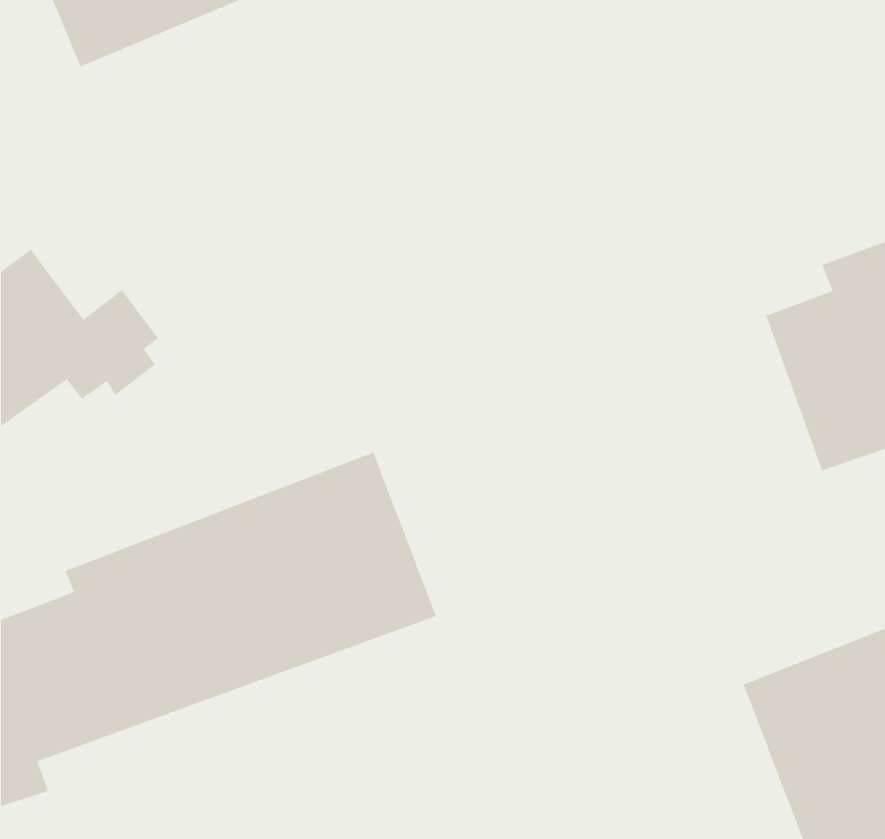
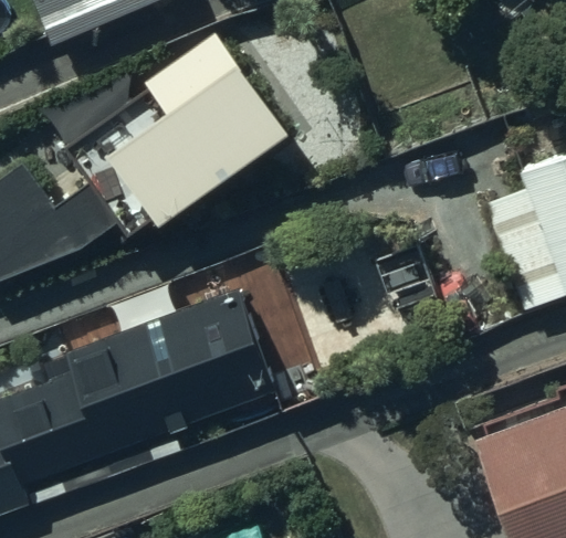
building: none -> [65,27,287,234]

